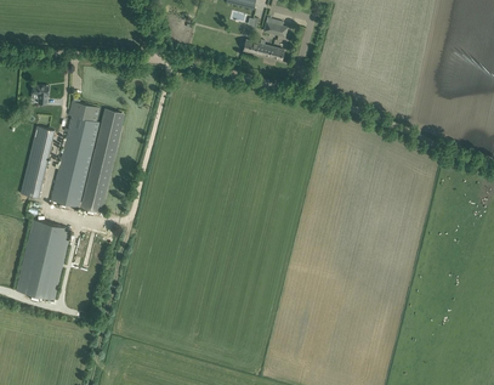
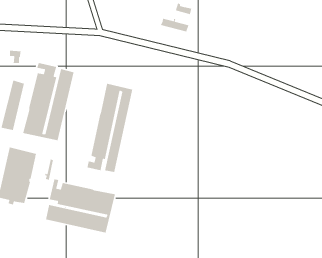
building: none -> [87,83,133,173]
building: none -> [45,179,116,233]

